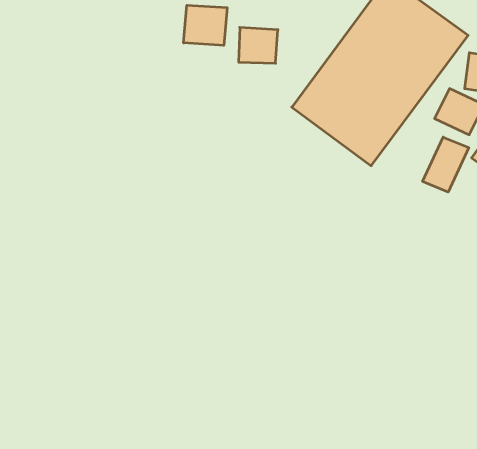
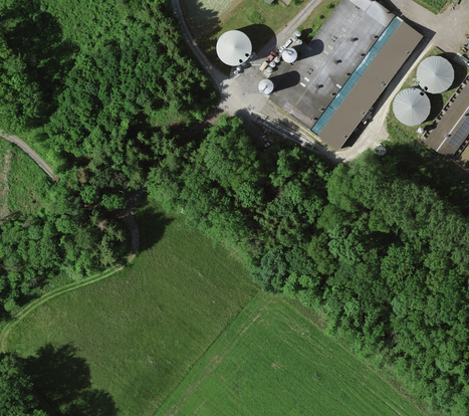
building: [184,5,227,45] -> none
building: [423,137,469,192] -> none

